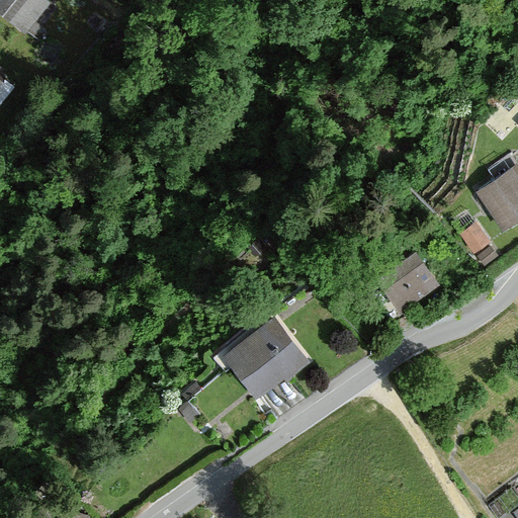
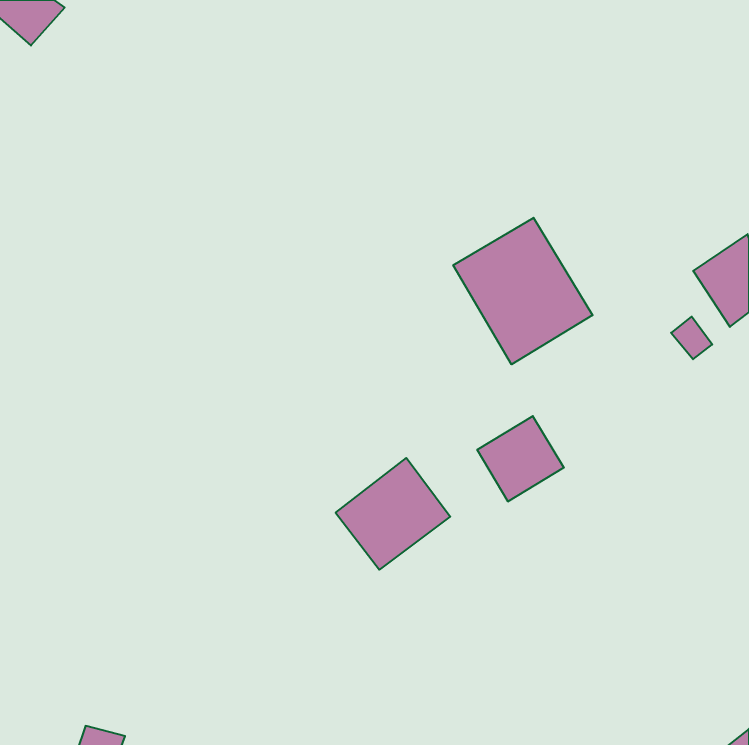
building: none -> [453,218,593,364]
building: [376,253,436,312] -> [477,416,564,501]

